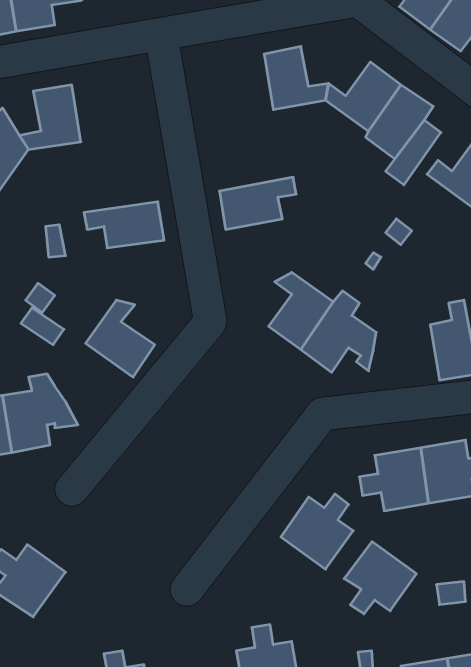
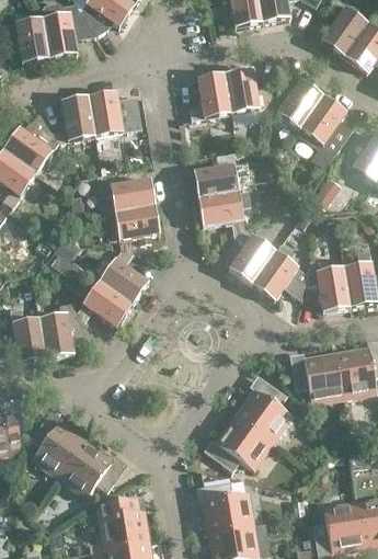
building: none -> [190,73,232,119]
building: none -> [89,91,142,136]
building: none -> [198,190,251,236]
building: none -> [114,206,159,252]
building: none -> [303,261,351,311]
building: none -> [77,280,133,326]
building: [344,542,416,614] -> [218,418,270,469]
building: none -> [61,443,114,494]

